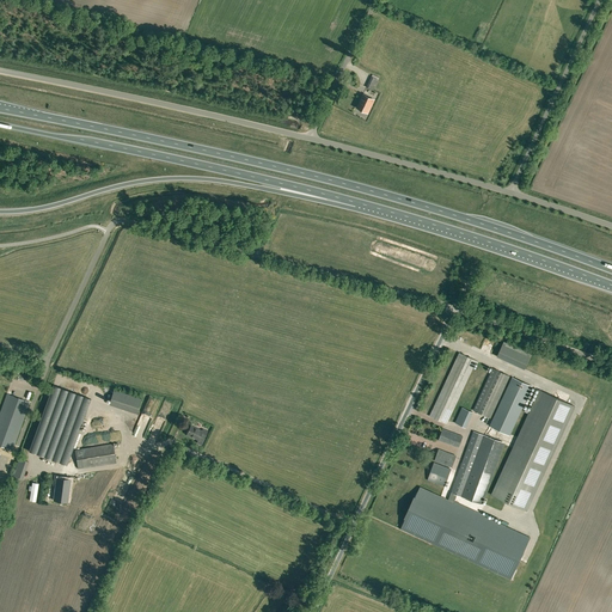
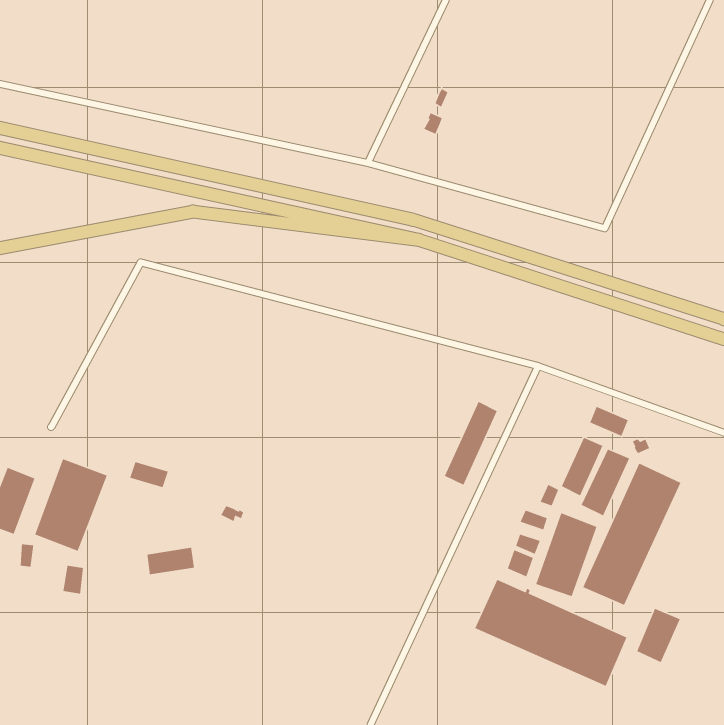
building: [429,353,475,424] -> [444,401,498,486]
building: [74,445,115,469] -> [146,547,195,575]
building: none -> [636,608,681,663]

